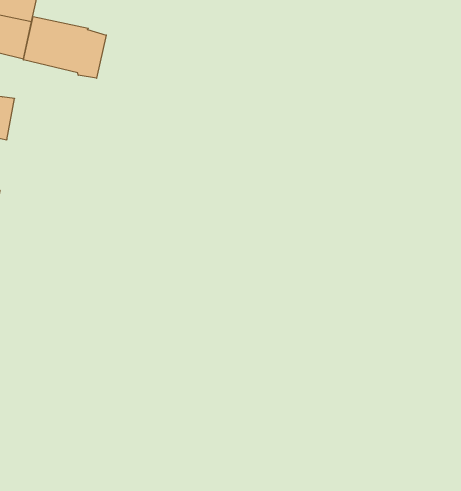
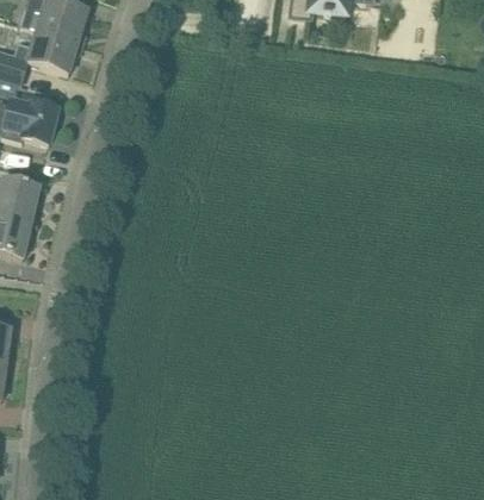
building: [23,17,106,78] -> none

